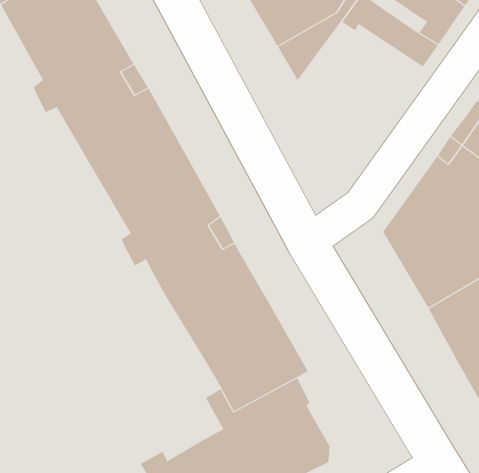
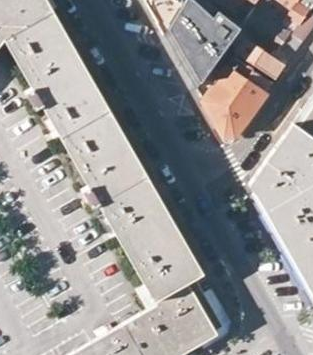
building: none -> [203,58,273,137]

